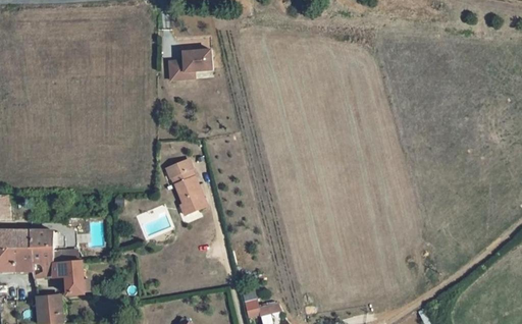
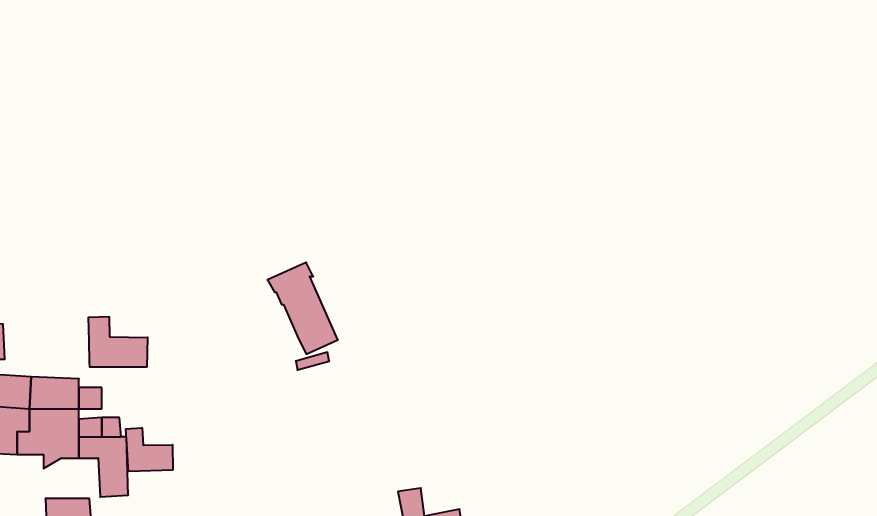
building: [165,51,207,84] -> none
building: none -> [88,317,148,367]
building: none -> [126,428,173,471]

